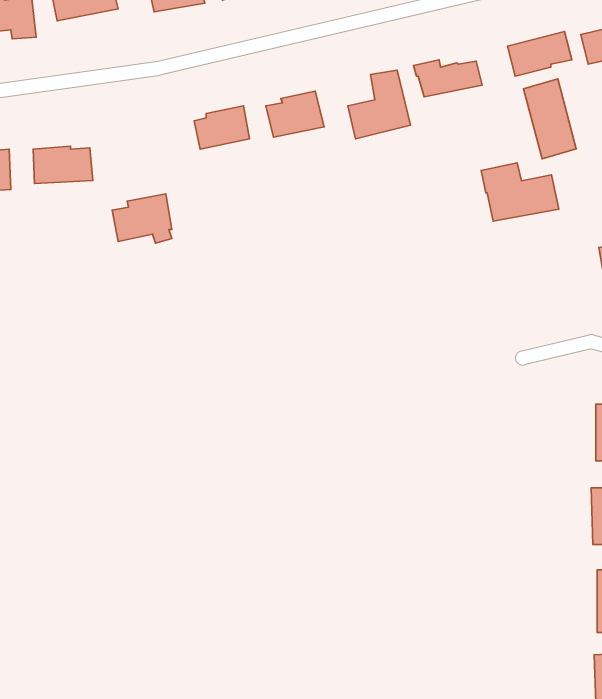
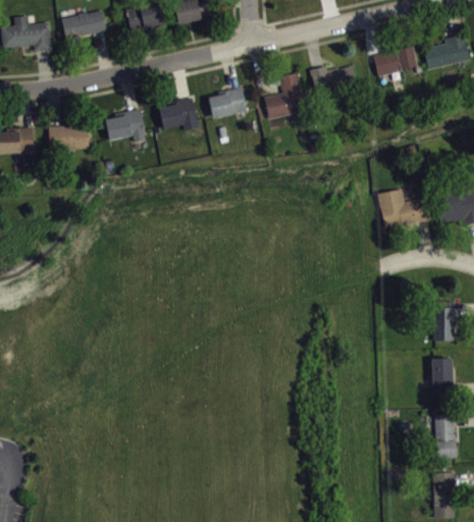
building: [524,79,576,159] -> none
building: [481,163,559,221] -> [377,190,430,229]
building: [112,194,172,243] -> [105,109,146,143]

